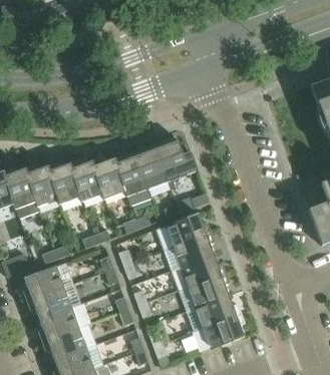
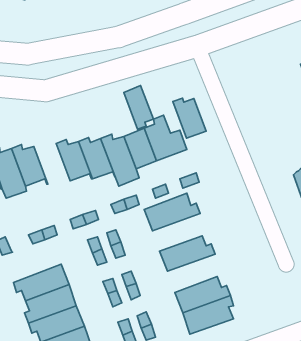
building: none -> [124,86,153,129]
building: none -> [173,98,206,138]
building: [46,162,82,204] -> none
building: [163,233,215,270] -> none
building: [22,262,73,301] -> none
building: [179,273,229,311] -> none

